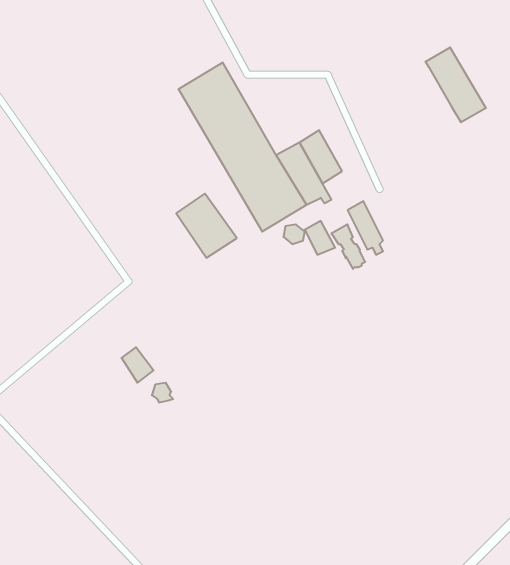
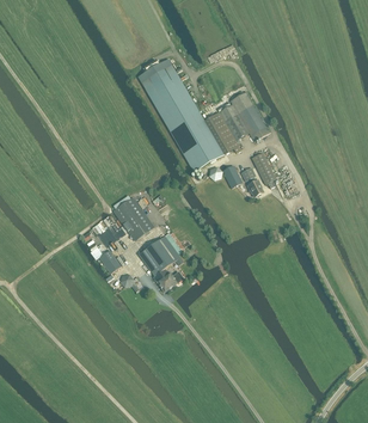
building: [425,47,486,122] -> [229,90,270,140]
building: [176,194,237,258] -> [114,196,154,239]
building: none -> [139,234,183,290]

